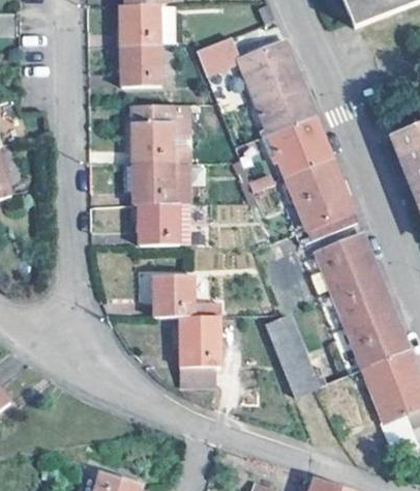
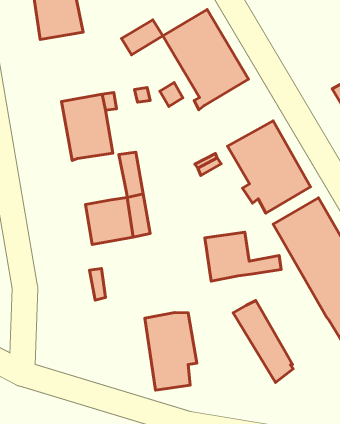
building: [122,46,162,85] -> none
building: [266,111,329,171] -> none
building: [140,164,181,203] -> none
building: [155,278,222,319] -> [205,232,281,281]

